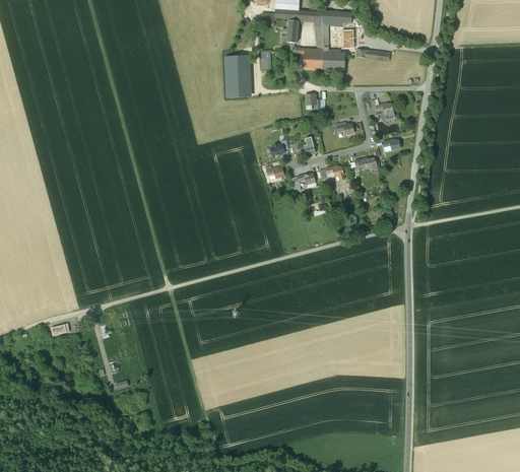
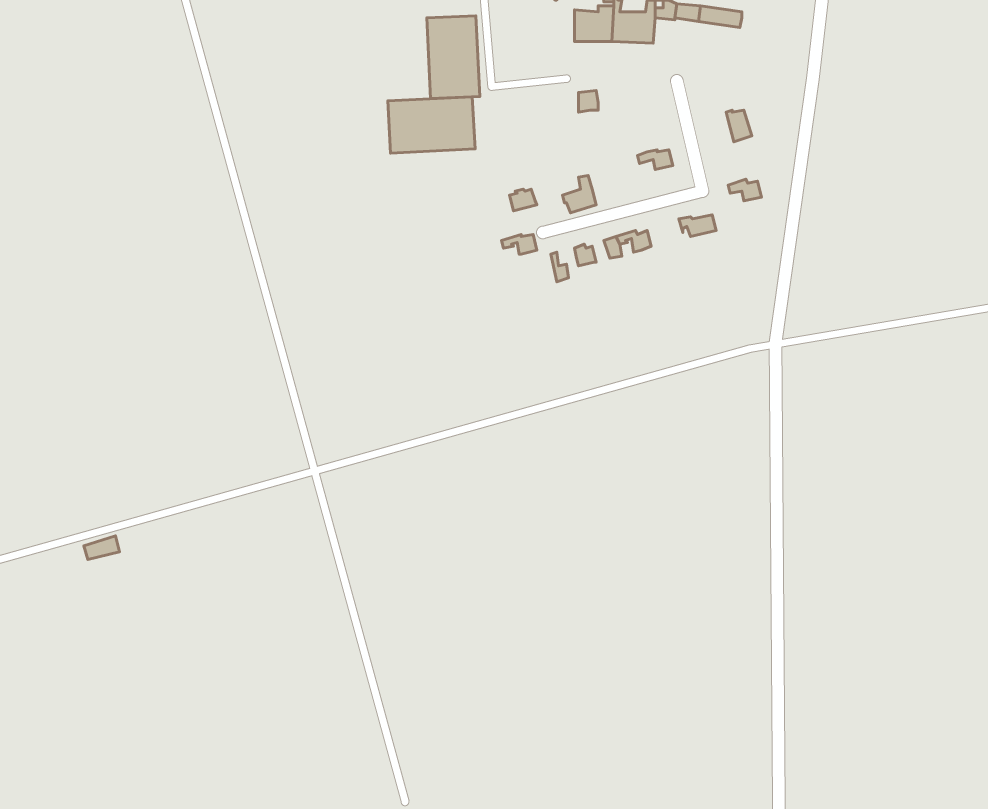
building: none -> [388,97,475,153]

